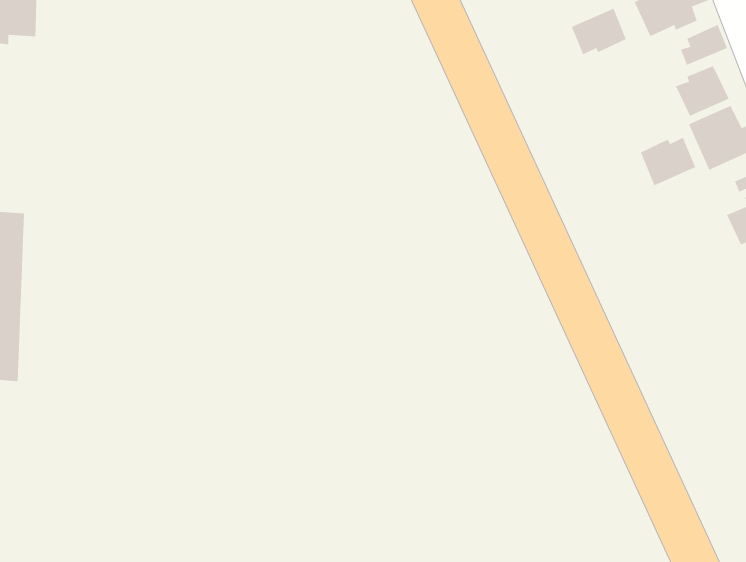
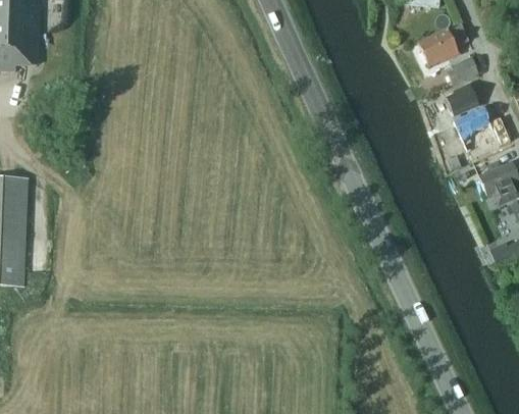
building: [571,8,627,55] -> none
building: [640,137,696,186] -> none

